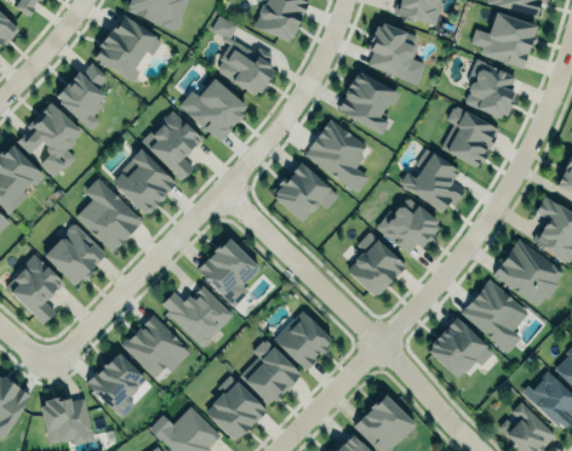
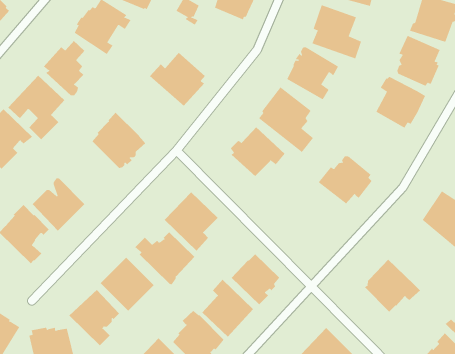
building: [218,50,274,93] -> none
building: [142,112,202,182] -> none
building: [399,148,464,211] -> none
building: [75,178,143,253] -> none
building: [347,230,406,296] -> none
building: [461,279,527,353] -> none

